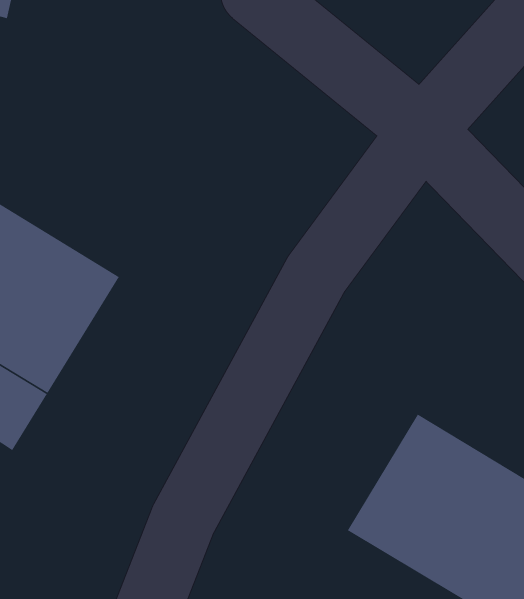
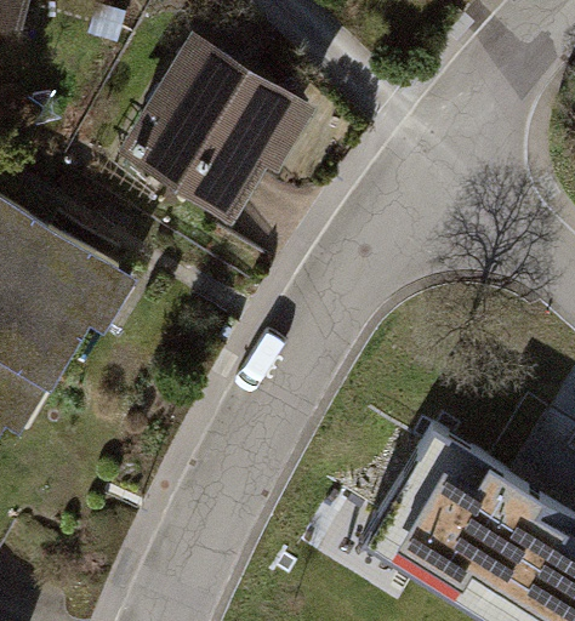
building: none -> [115,32,317,230]

